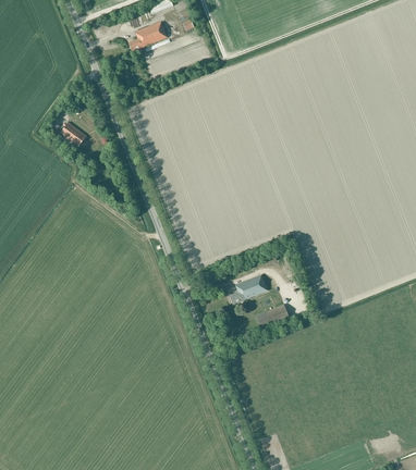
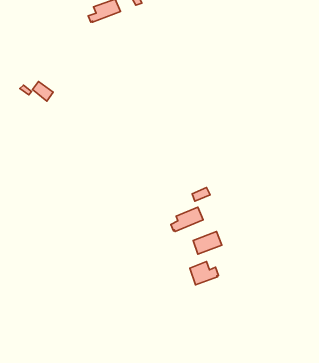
building: none -> [190,262,218,285]

